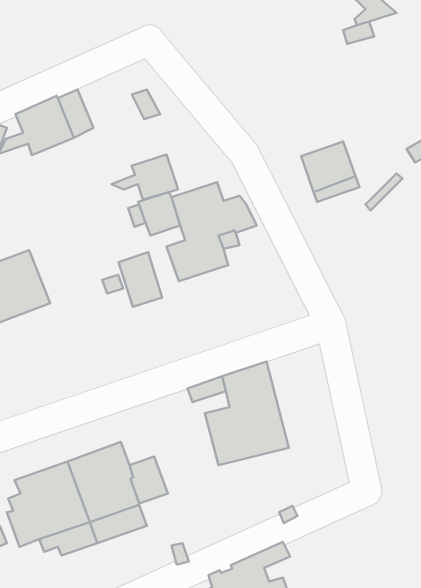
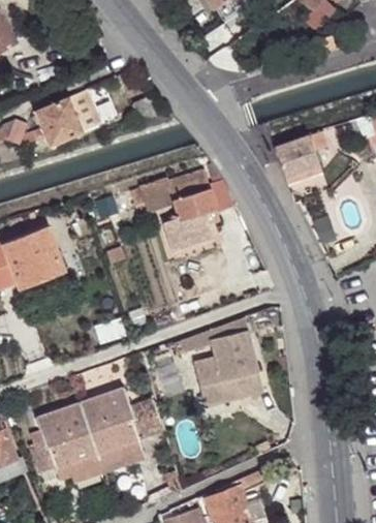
building: [112,155,178,200] -> none
building: [118,252,162,307] -> none

